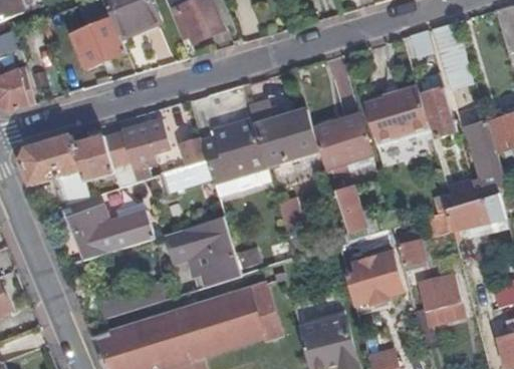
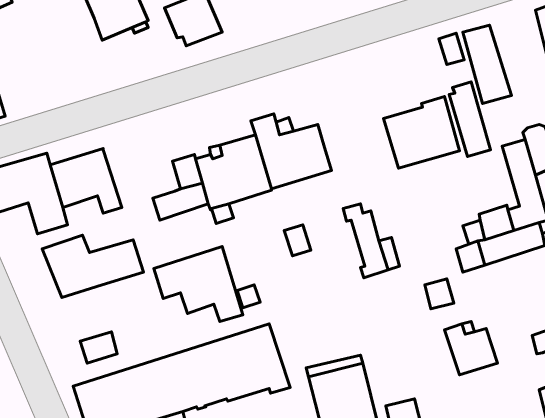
building: [71,17,125,68] -> none
building: [312,115,370,176] -> none
building: [119,118,171,181] -> none
building: [346,256,403,309] -> none

